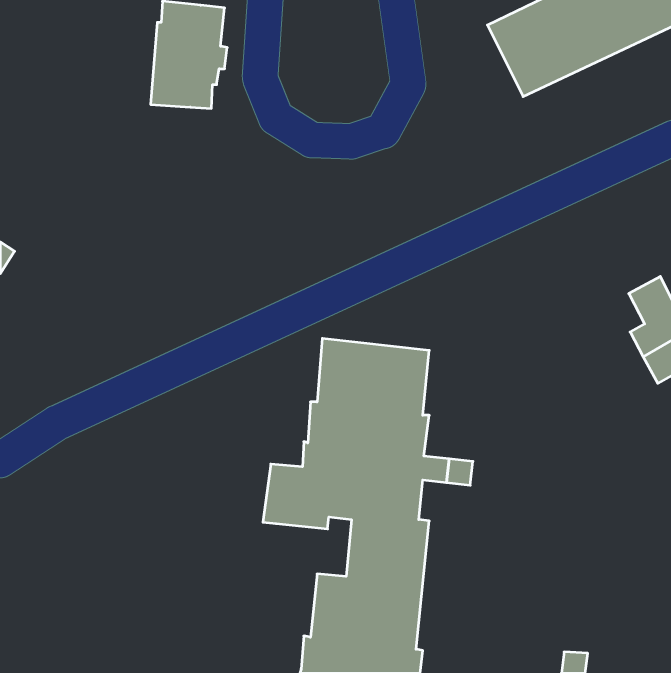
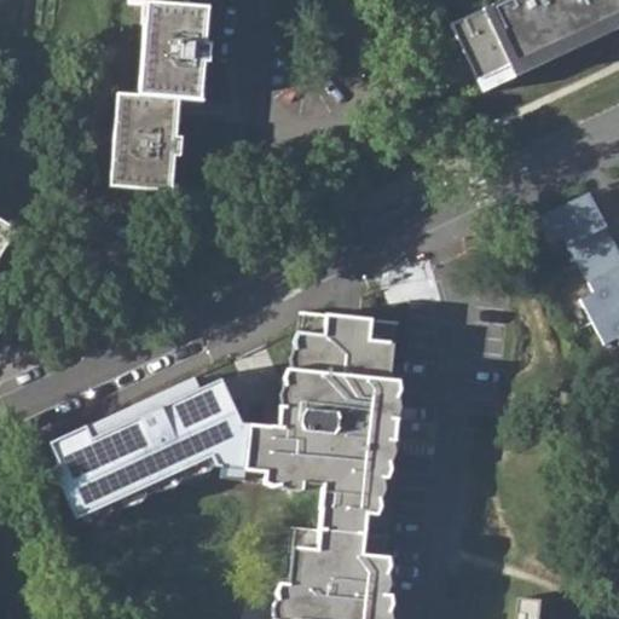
building: none -> [114,92,183,190]
building: none -> [537,197,608,268]
building: none -> [52,376,251,527]

